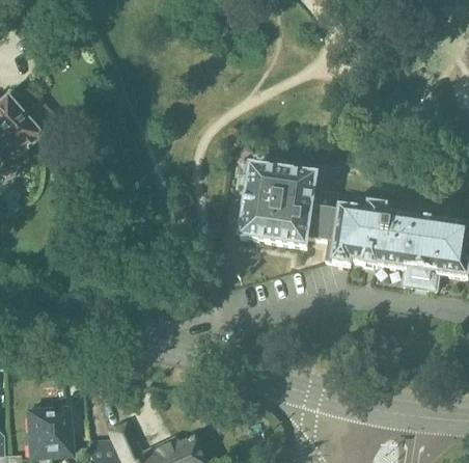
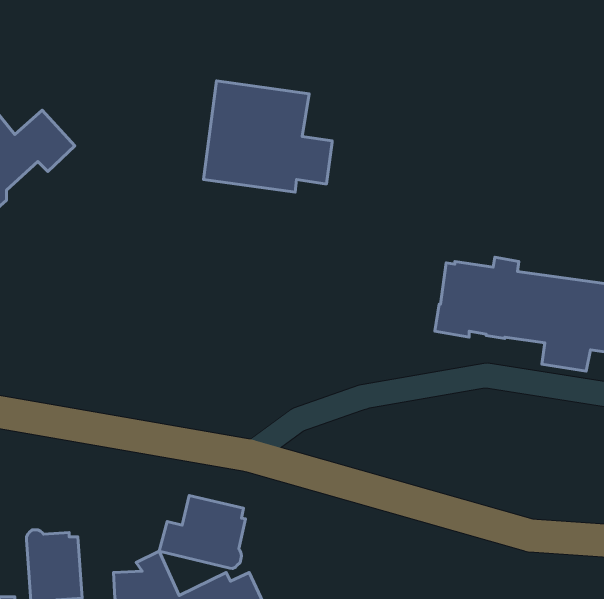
building: [241,164,334,245] -> [204,81,332,192]
building: none -> [159,495,245,568]

